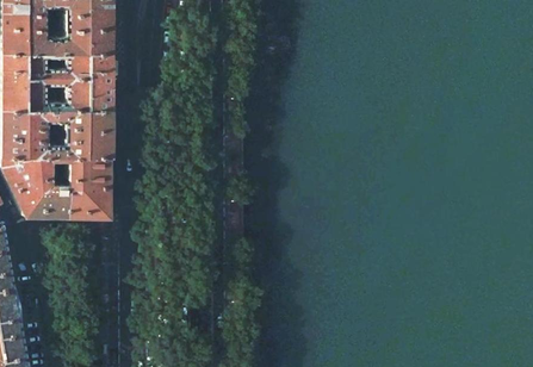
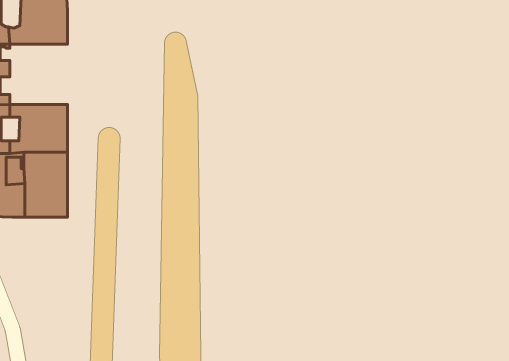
building: [55,45,110,102] -> none

